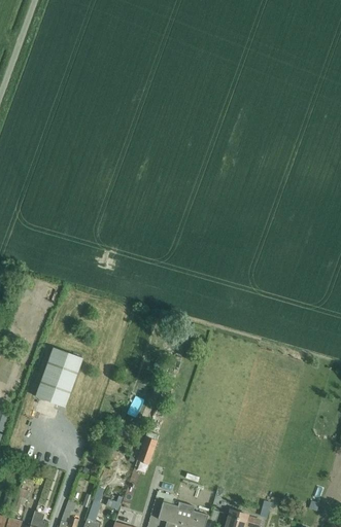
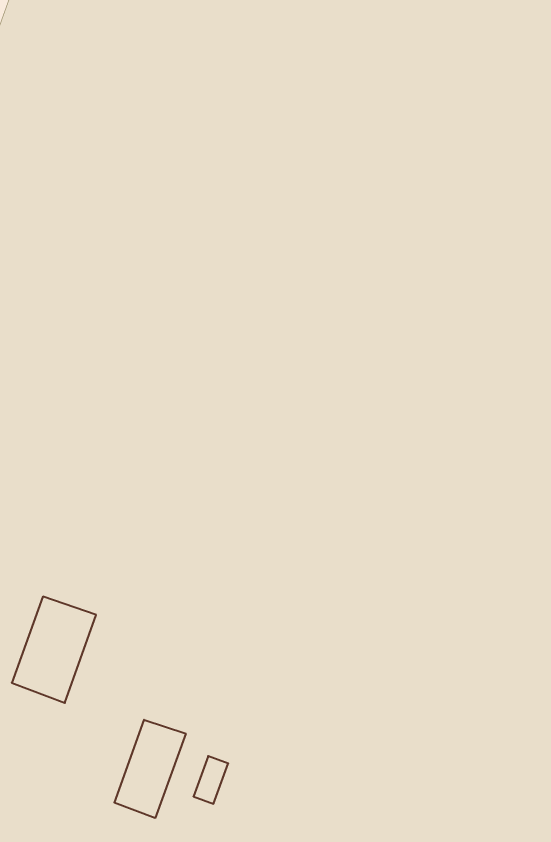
building: none -> [114,720,186,818]

